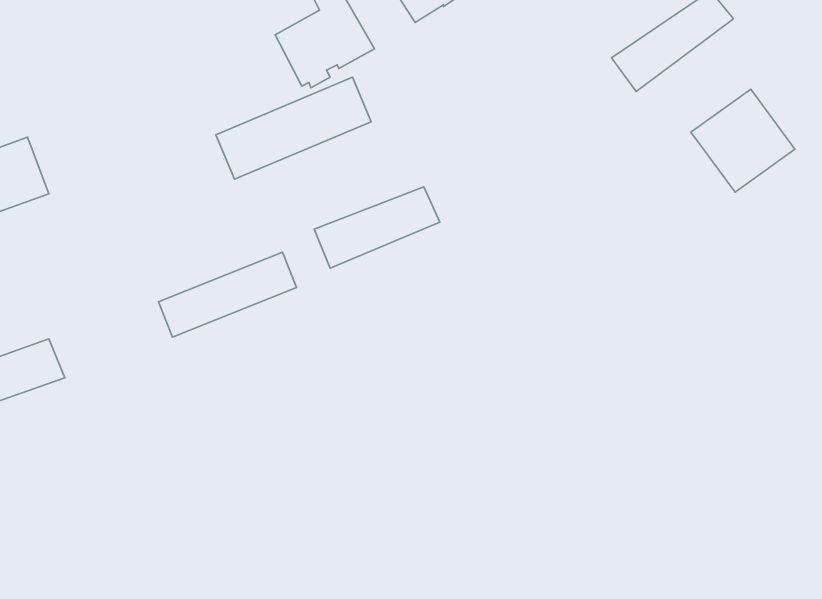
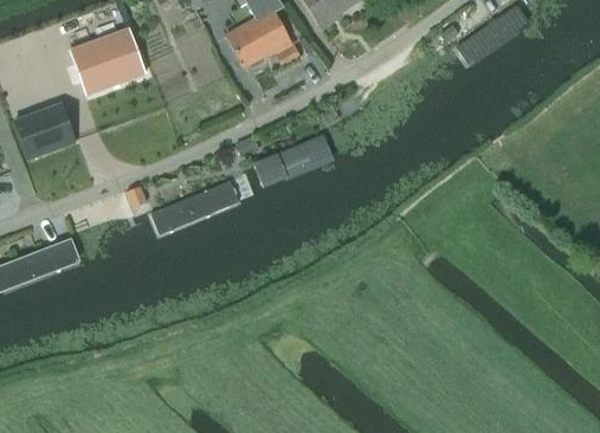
building: none -> [71,27,146,93]
building: [216,77,371,179] -> none
building: [691,89,795,192] -> none

